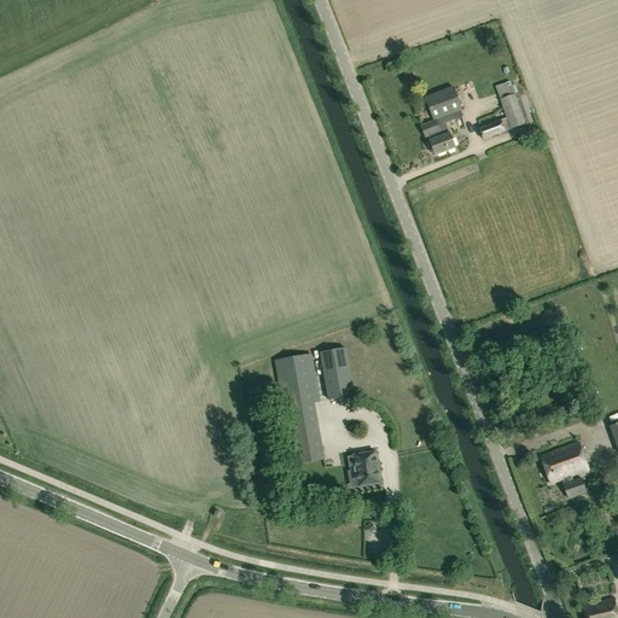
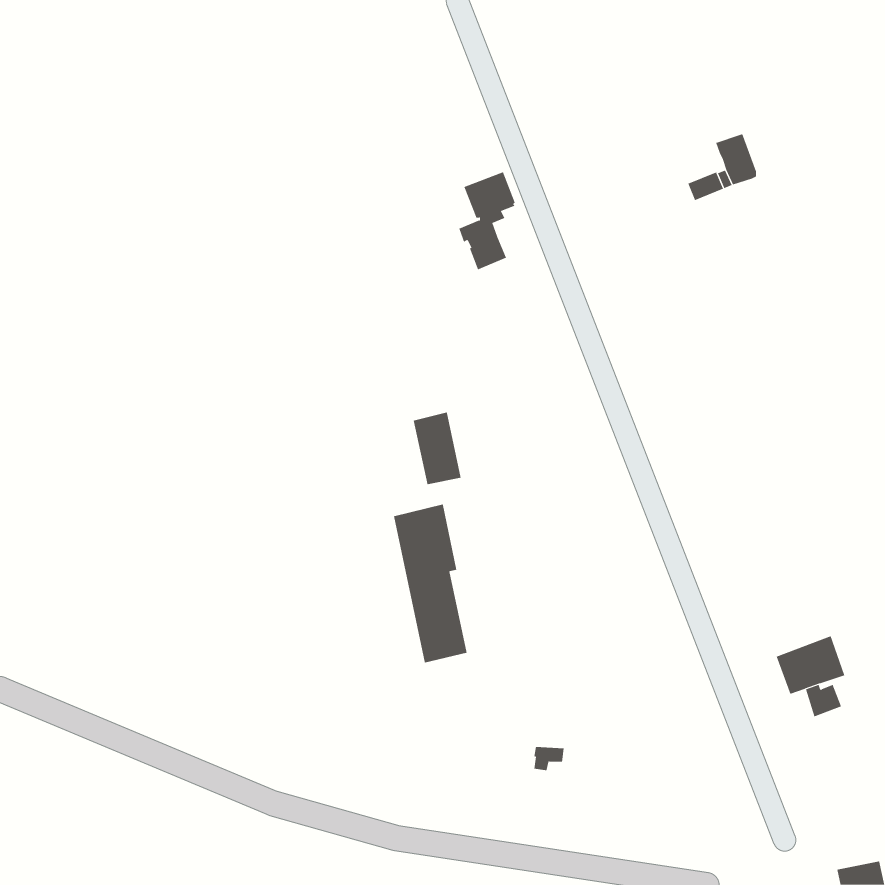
building: [421,87,461,156] -> [458,171,516,270]
building: [316,344,350,395] -> [413,412,461,485]
building: [352,453,386,488] -> none

